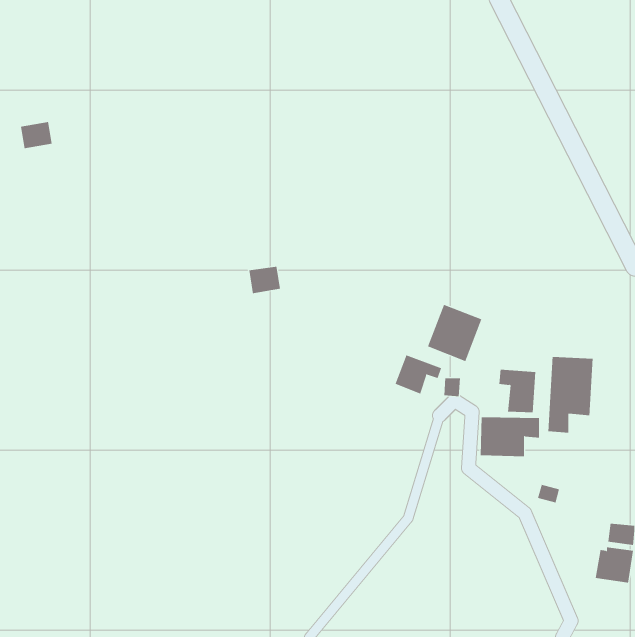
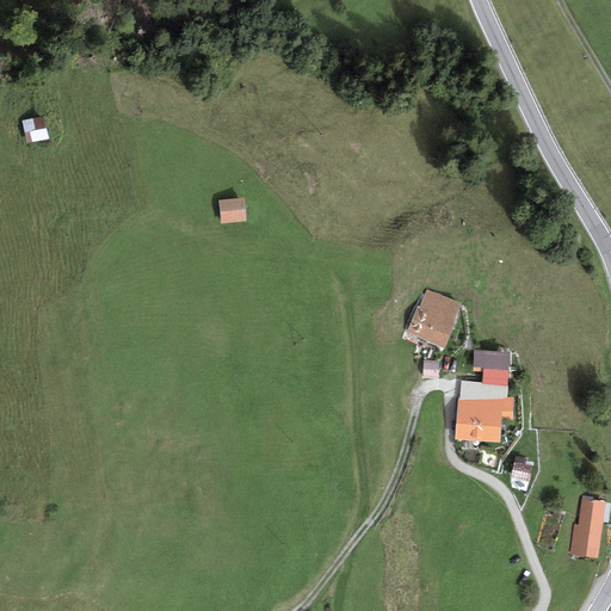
building: [248,266,281,294] -> [216,199,247,226]
building: [395,354,442,394] -> none
building: [548,356,593,434] -> none

